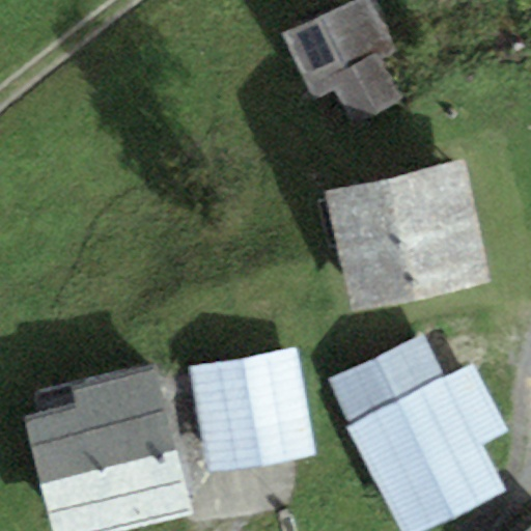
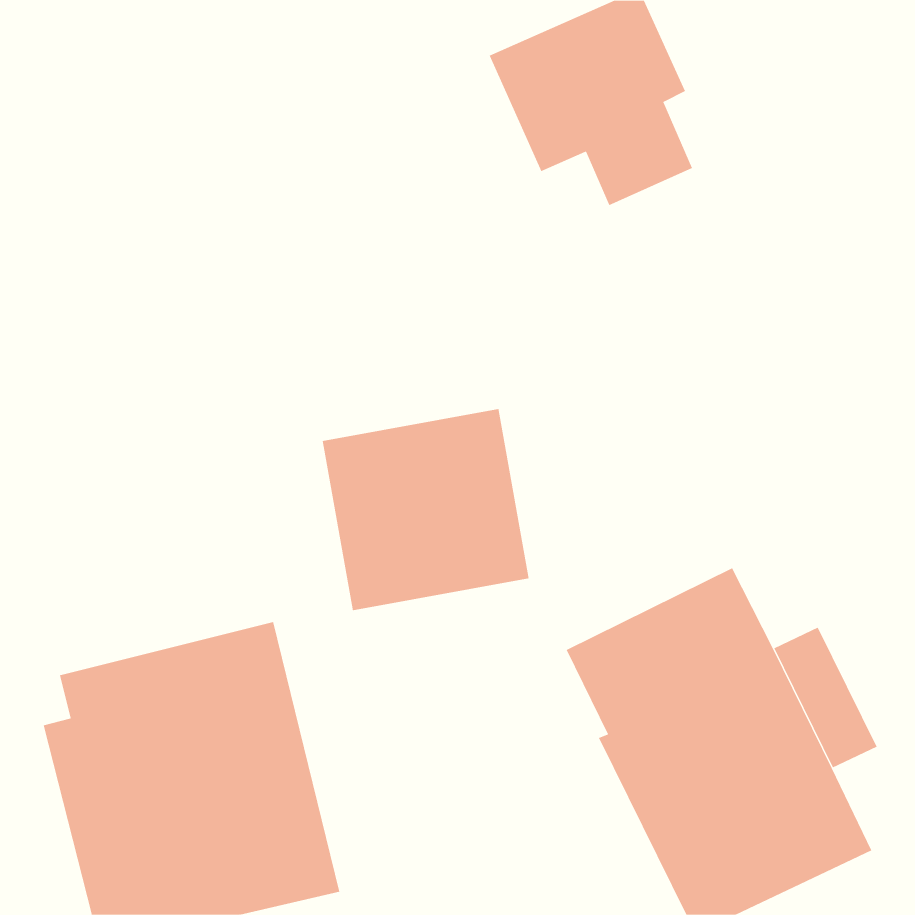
building: [331,168,482,308] -> none
building: [190,351,310,468] -> [322,408,530,611]

